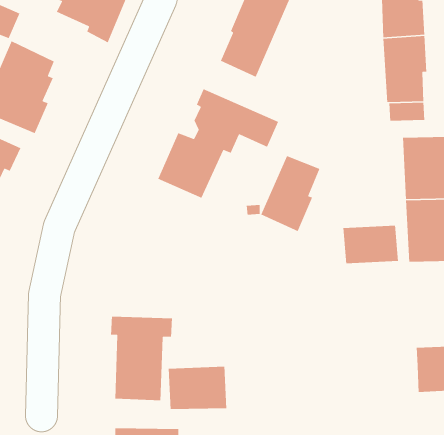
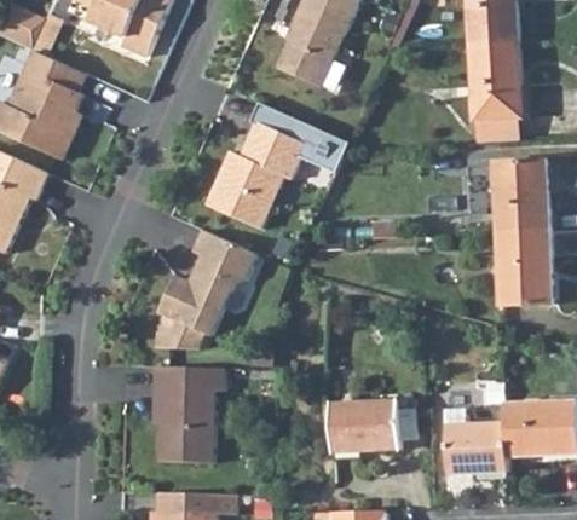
building: [260,155,320,232] -> none
building: none -> [156,230,256,347]
building: [342,225,399,264] -> none
building: none -> [446,409,509,474]
building: [168,366,227,410] -> [330,400,399,451]

